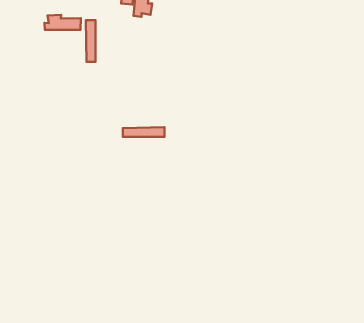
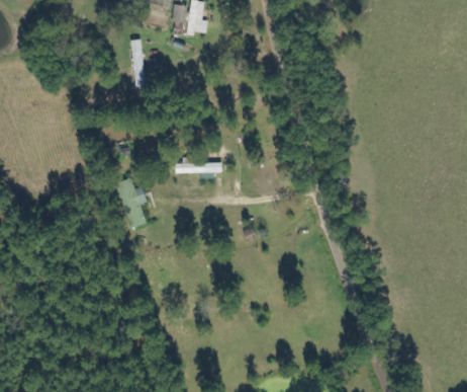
building: [45,15,81,30] -> none
building: none -> [115,178,146,228]

